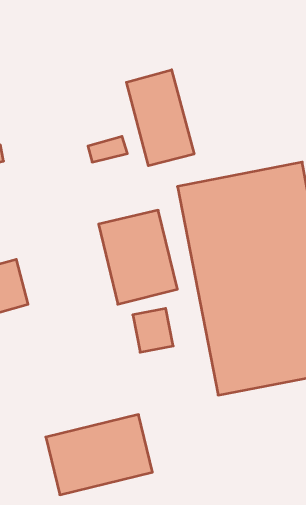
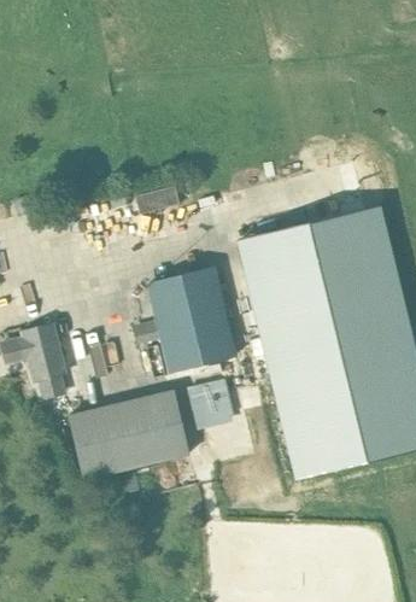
building: [126,70,194,166] -> none
building: [46,415,152,495] -> [71,390,192,480]

